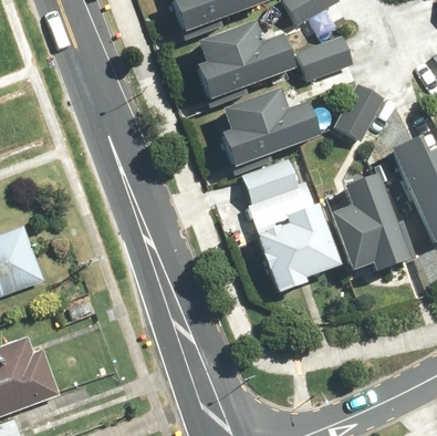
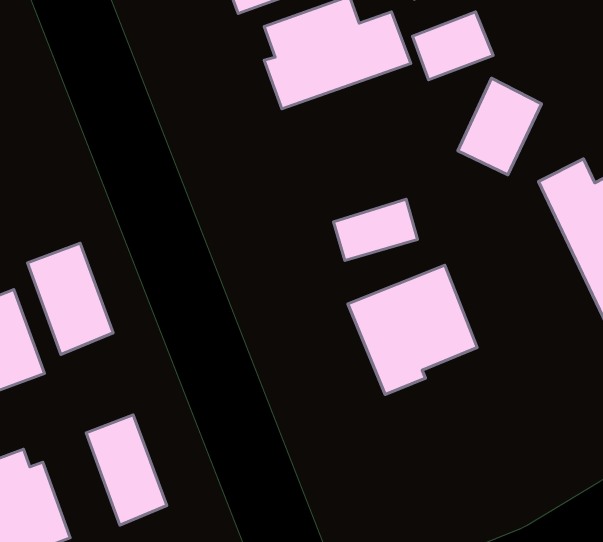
building: [221,89,322,167] -> none
building: [333,172,413,272] -> none
building: none -> [28,243,113,355]
building: none -> [86,415,167,525]

